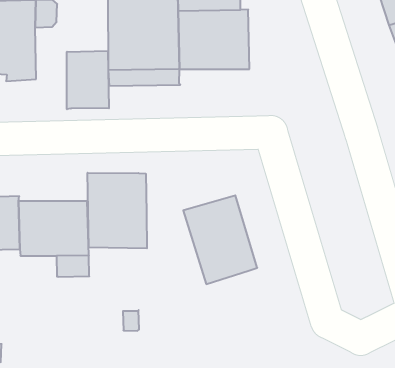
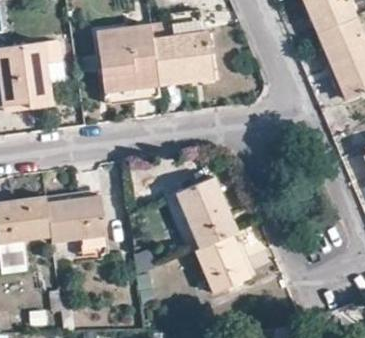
building: [67,51,109,109] -> none
building: [88,173,147,248] -> none
building: none -> [194,234,249,293]

